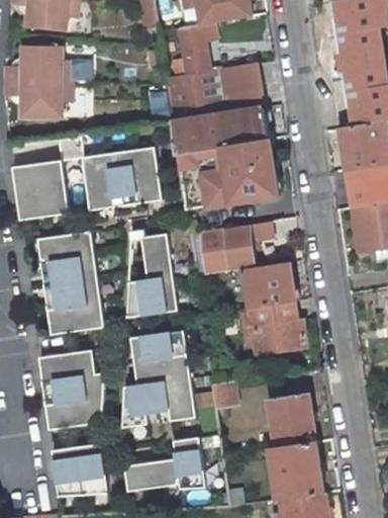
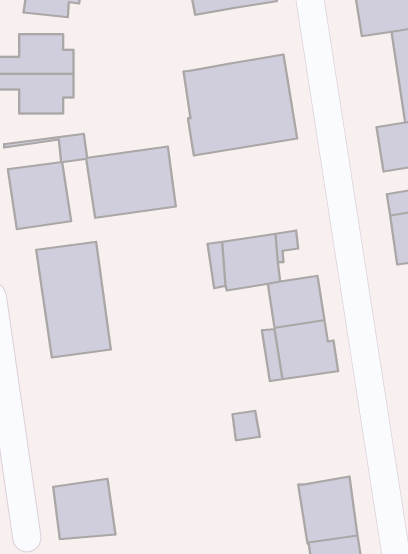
building: [172,22,215,78] -> none
building: [177,139,278,210] -> none
building: [126,229,177,317] -> none
building: [122,330,195,427] -> none
building: [38,349,104,429] -> none
building: [265,393,315,447] -> none
building: [123,436,205,491] -> none

